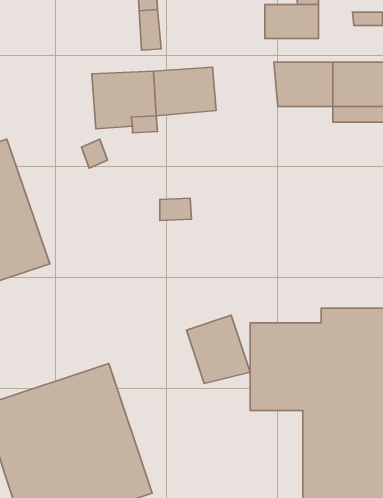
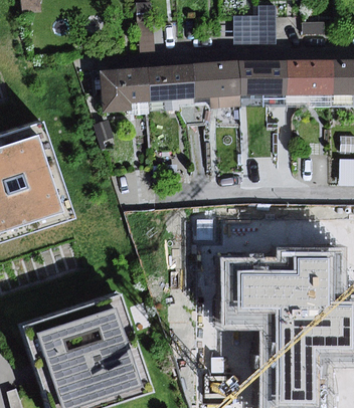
building: none -> [193,60,243,97]
building: [186,315,250,383] -> none

